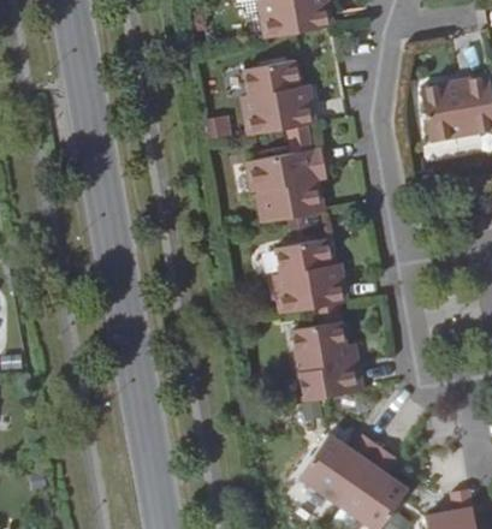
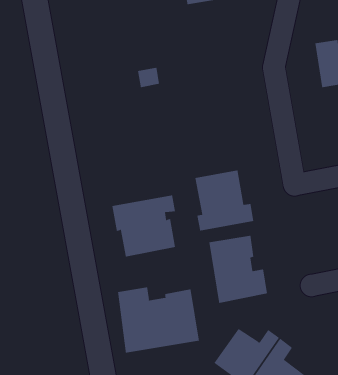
building: [244,59,315,136] -> none
building: [245,148,324,224] -> [111,195,176,257]
building: none -> [118,286,200,353]

